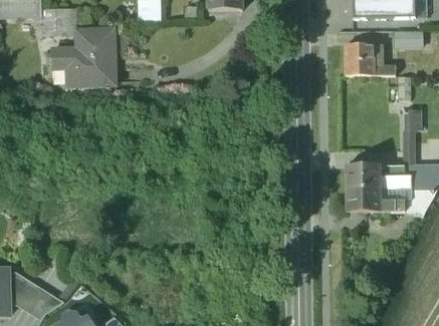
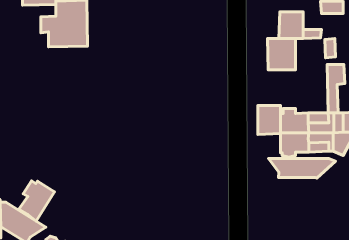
building: none -> [267,39,295,70]
building: none -> [258,105,281,135]
building: none -> [268,159,335,178]
building: none -> [19,181,55,221]

